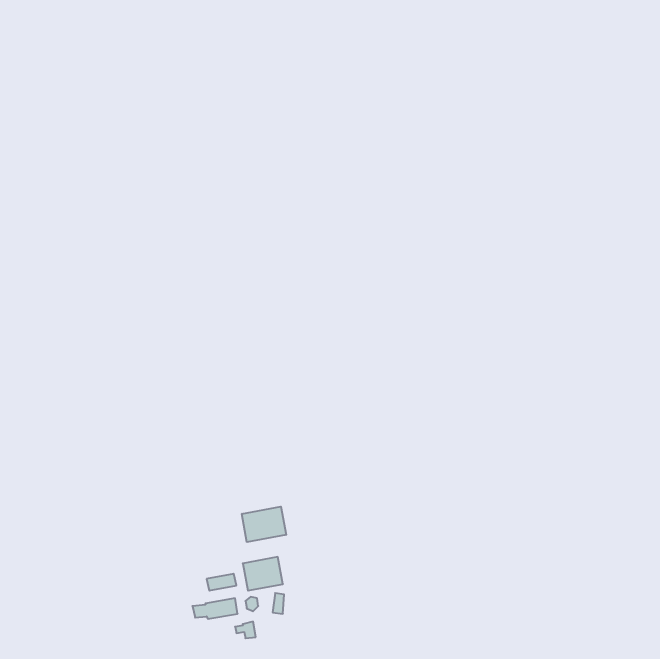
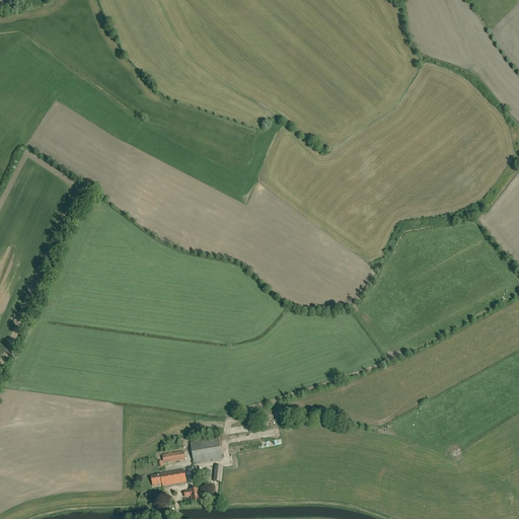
building: [242,507,286,542] -> none

